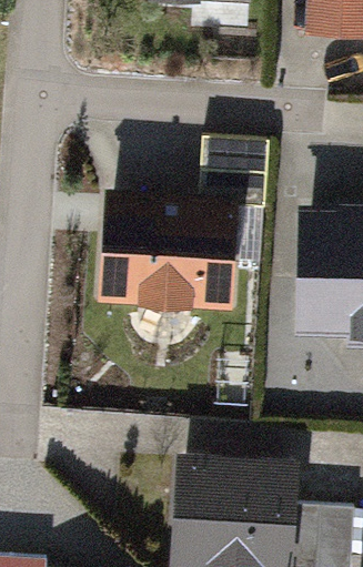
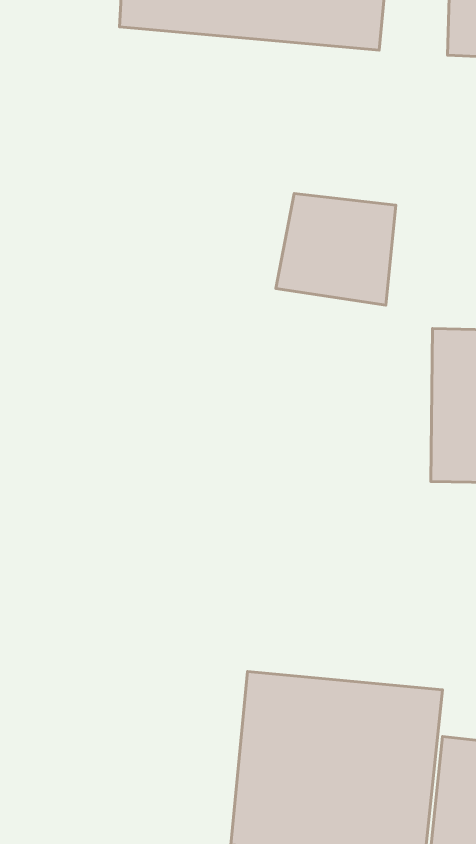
building: [108,202,230,306] -> none

